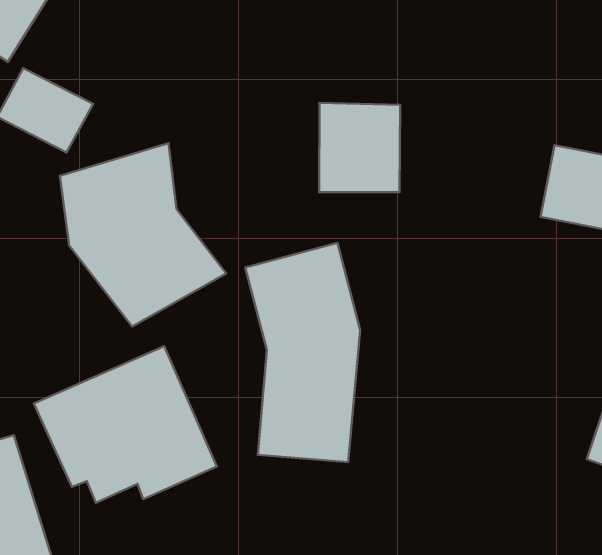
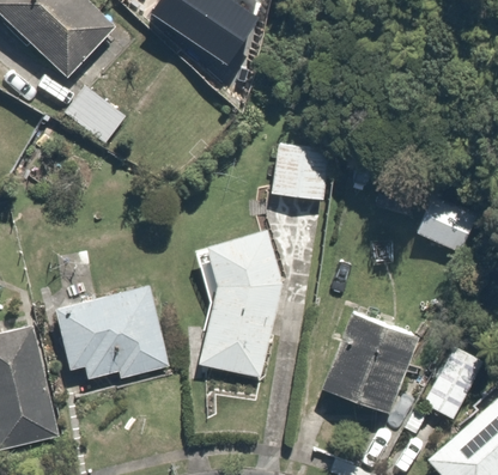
building: [60,143,226,326] -> none
building: none -> [316,310,417,415]

